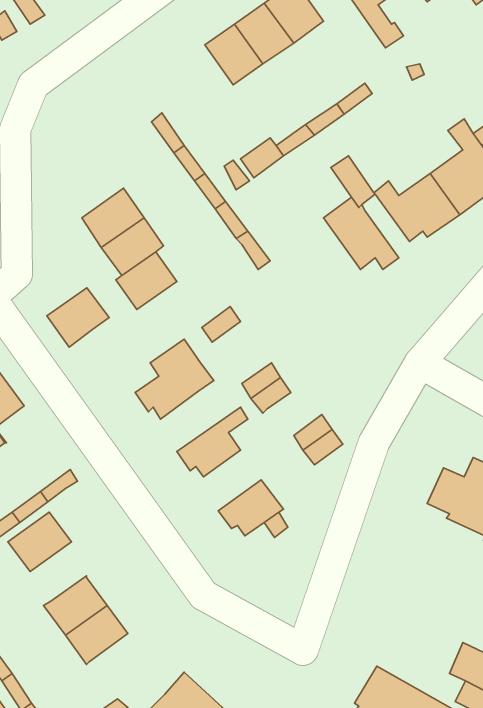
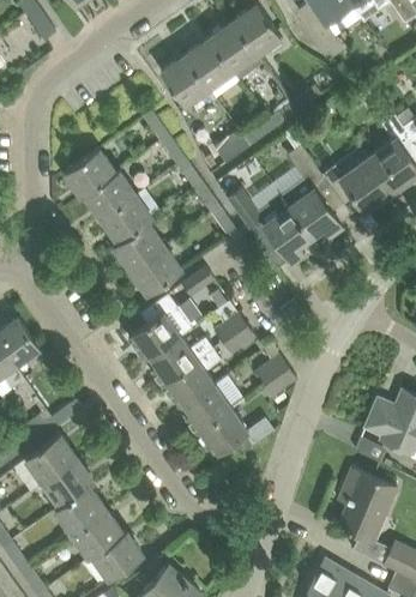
building: none -> [161,56,207,107]
building: none -> [64,150,119,199]
building: none -> [227,189,311,265]
building: [47,288,109,347] -> [129,248,180,296]
building: none -> [149,337,213,386]
building: none -> [183,376,242,434]
building: none -> [43,459,94,507]
building: none -> [338,469,396,542]
building: none -> [91,532,143,581]

